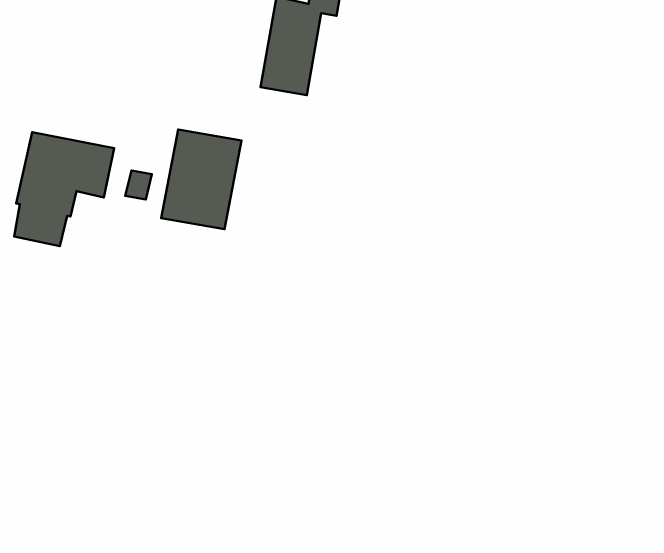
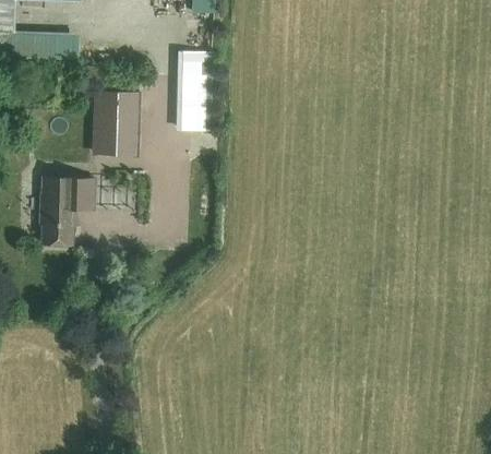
building: [161,129,242,229] -> [97,94,139,151]

